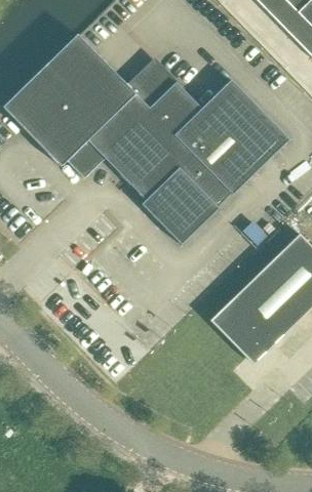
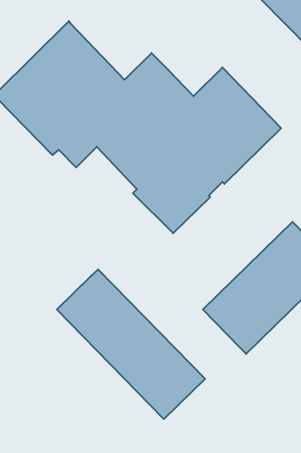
building: none -> [57,269,205,419]

